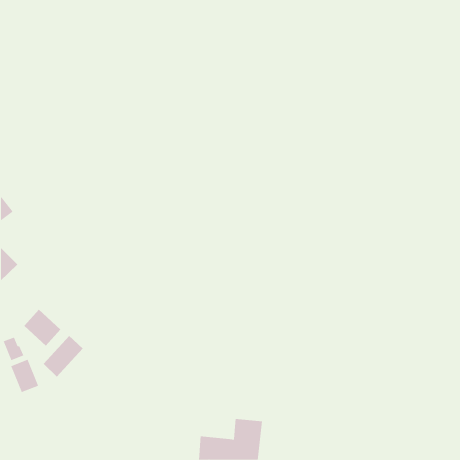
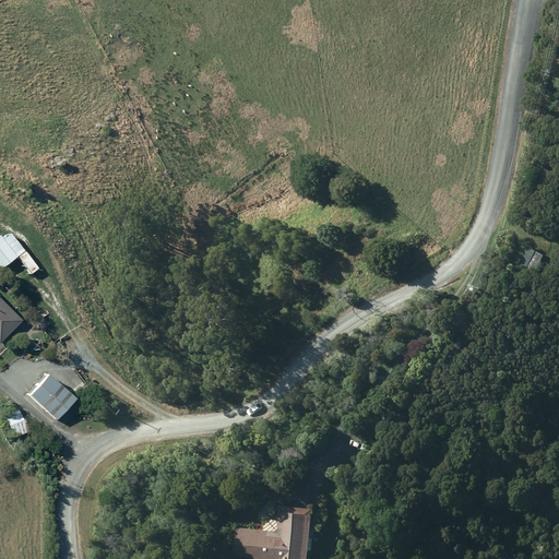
building: [43,335,83,377] -> none
building: [10,359,39,393] -> none

